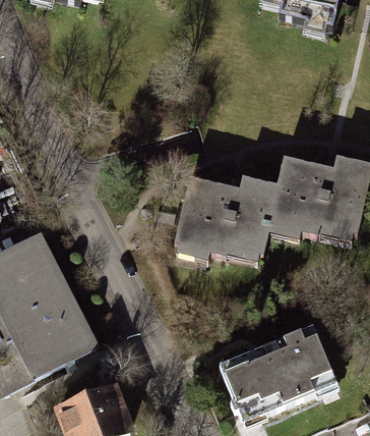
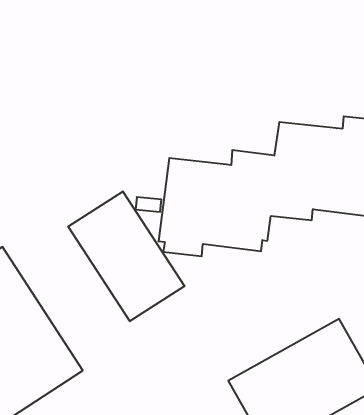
building: none -> [68,191,185,321]

